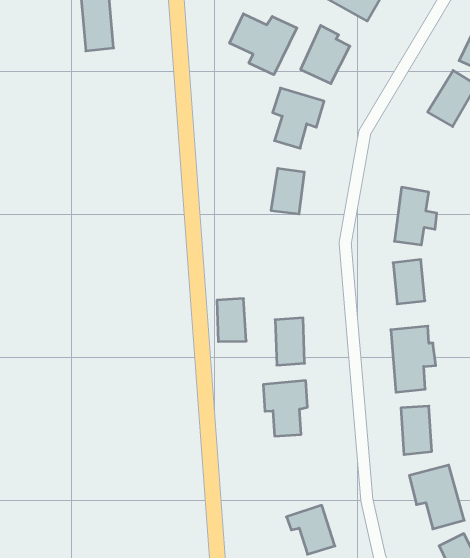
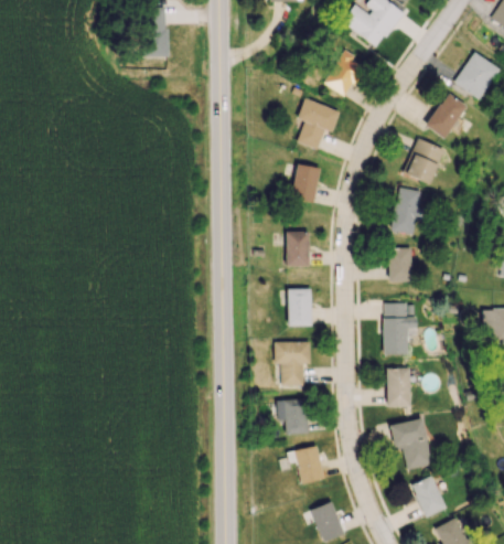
building: [230,14,297,75] -> none
building: none -> [405,139,443,183]
building: [217,299,246,342] -> [286,232,309,267]
building: none -> [277,398,308,435]

